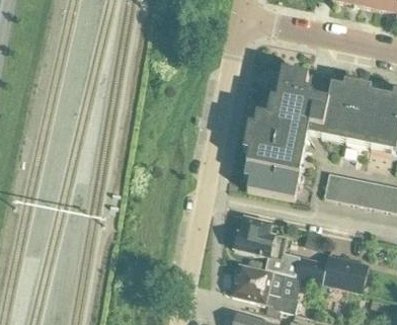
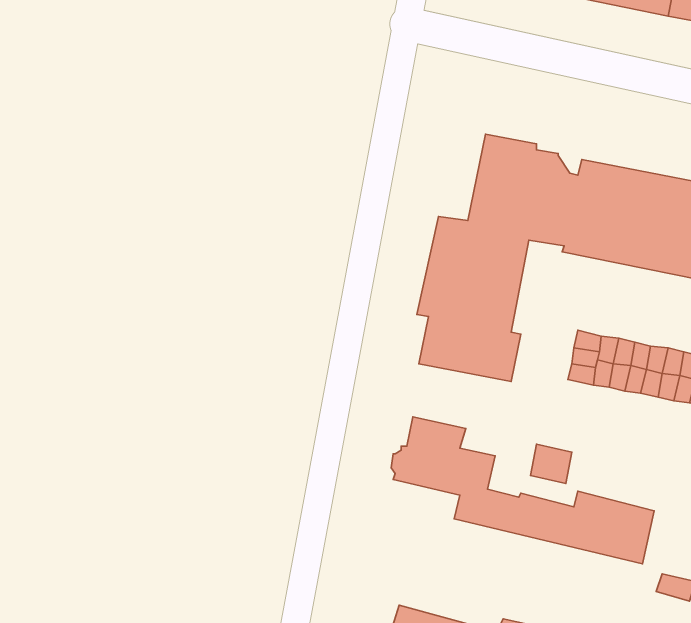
building: [232,263,299,312] -> none

